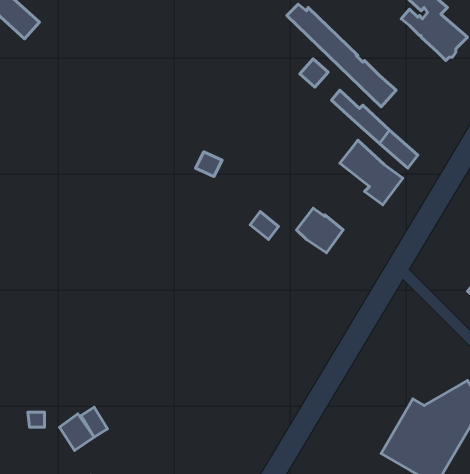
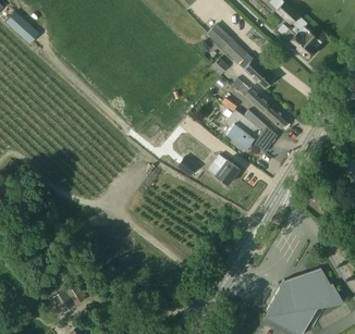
building: none -> [225,109,256,151]

